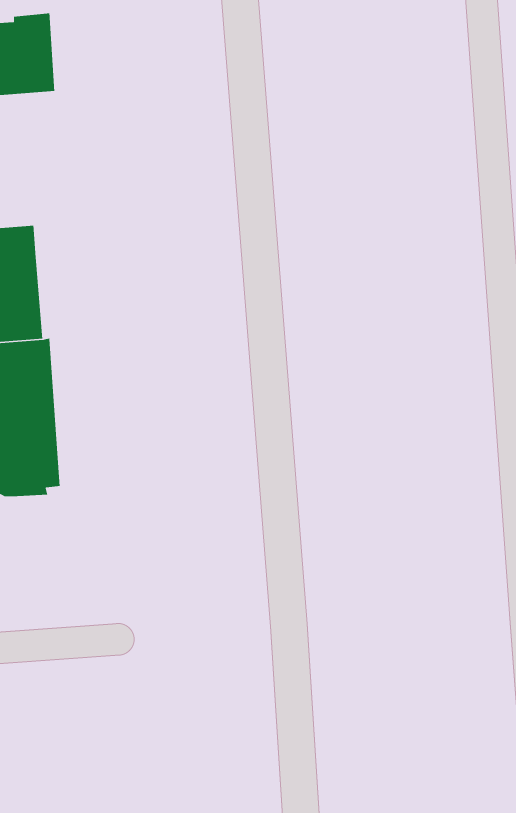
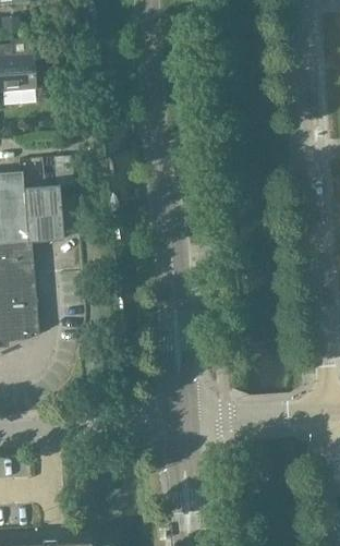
building: none -> [24,185,78,243]

